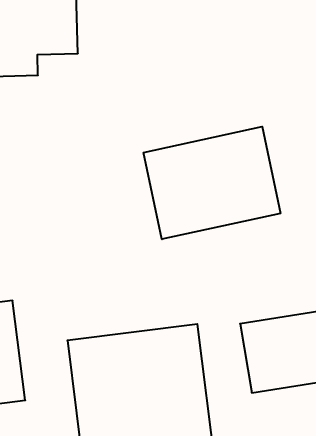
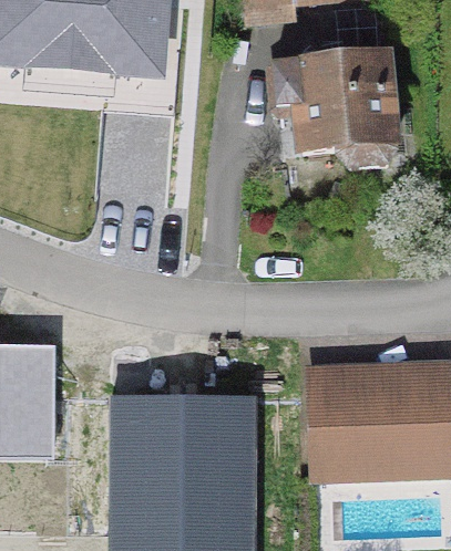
building: none -> [269,56,389,168]
building: [144,127,280,239] -> none

